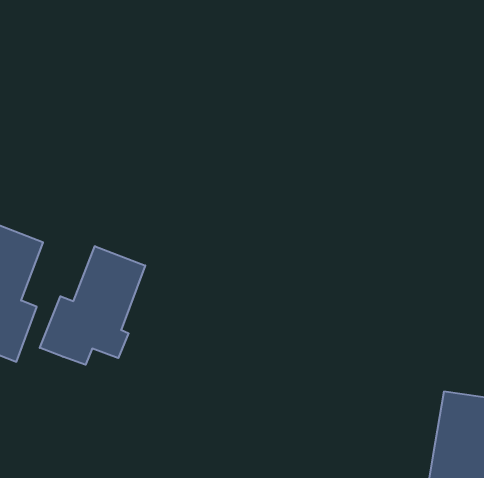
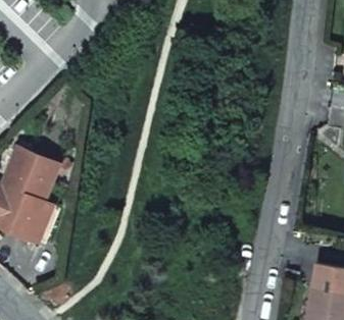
building: [40,246,145,365] -> none

